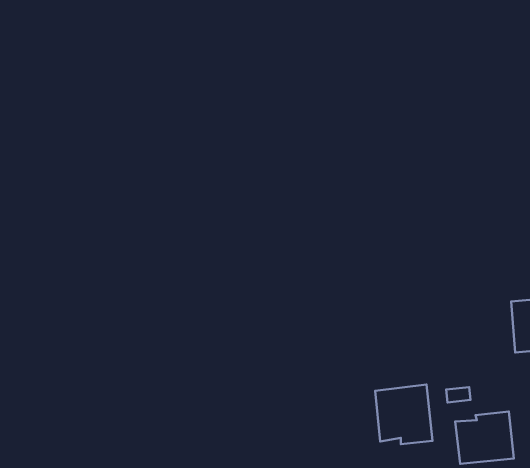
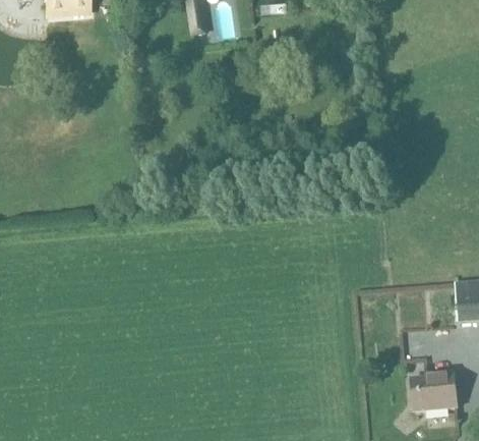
building: [375,385,433,444] -> none

